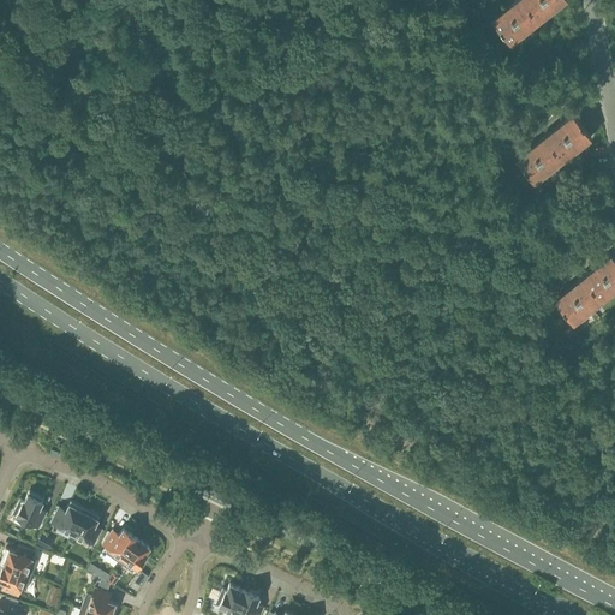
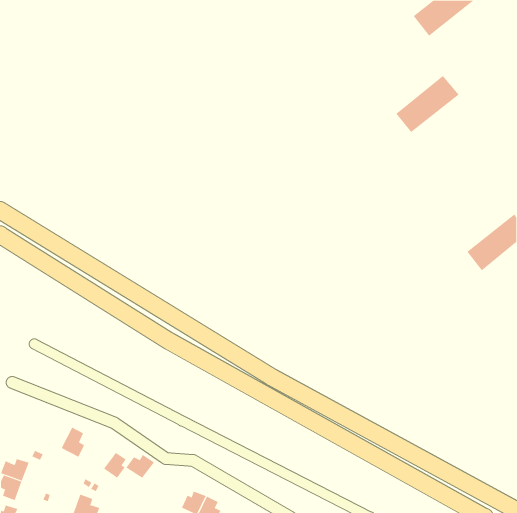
building: [515,118,591,186] -> [396,75,459,133]
building: [12,495,46,531] -> none
building: [50,504,85,537] -> none
building: [102,532,137,561] -> [125,454,155,479]

